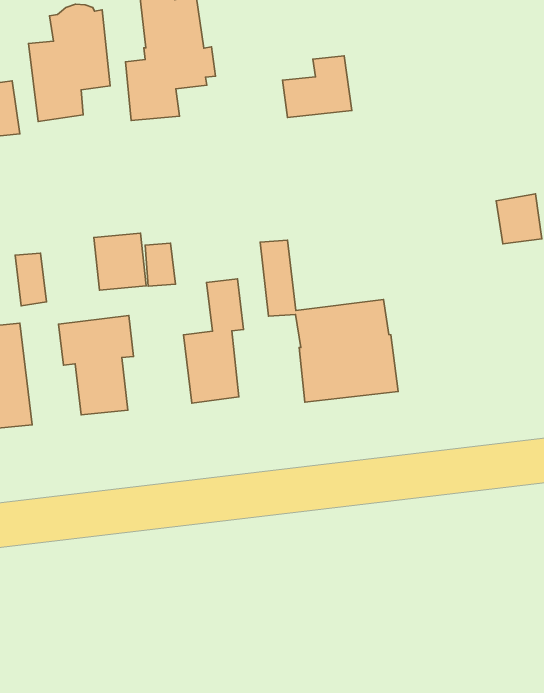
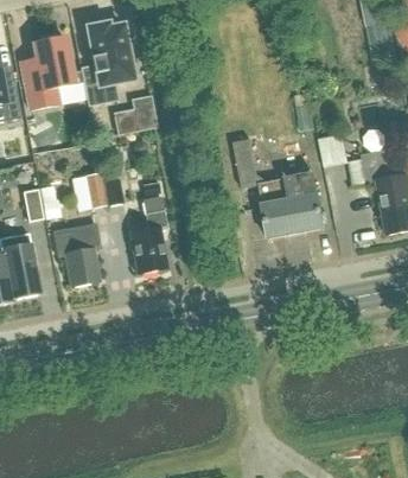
building: [282,56,352,117] -> [114,91,158,132]
building: [260,240,398,402] -> [234,139,325,237]

